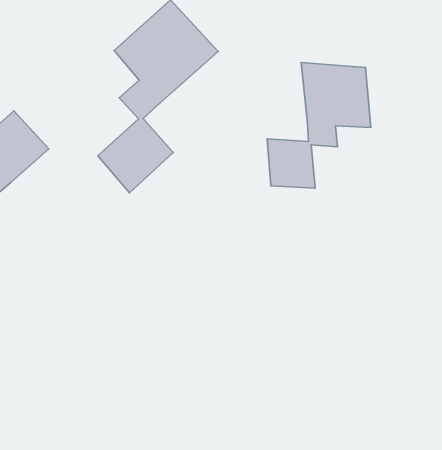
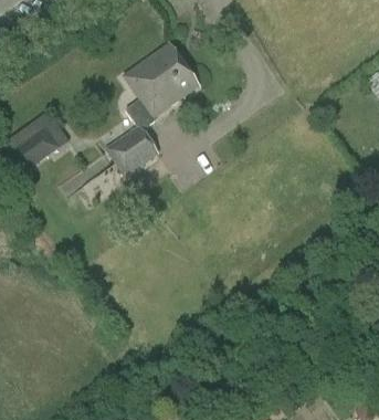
building: [267,62,371,188] -> none

